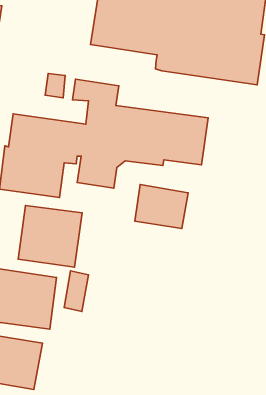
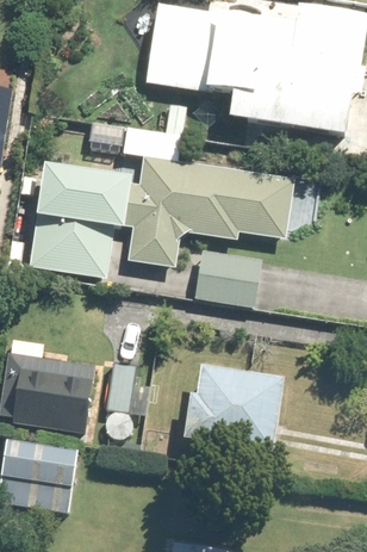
building: [18,206,82,267] -> none
building: none -> [186,378,286,463]

